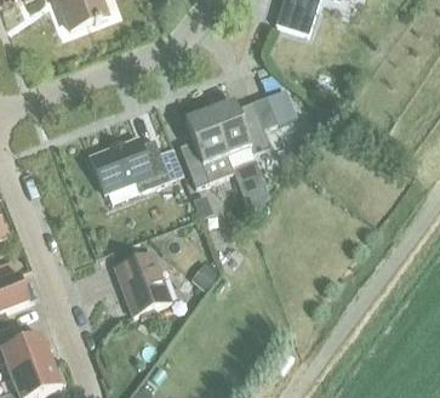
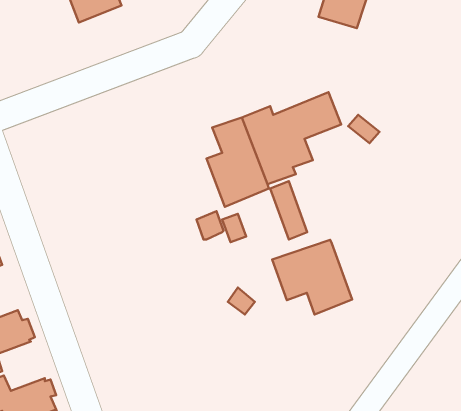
building: [90,136,170,192] -> none
building: none -> [272,240,352,314]
building: [114,250,171,315] -> none

